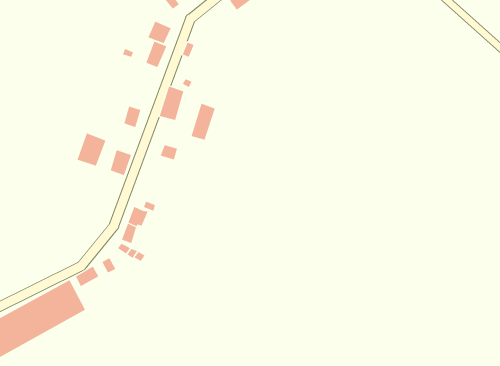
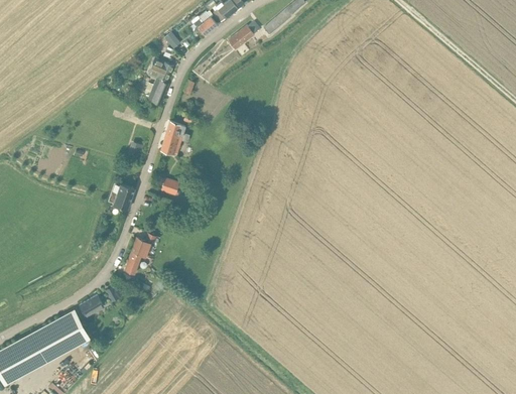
building: [191,103,215,141] -> none
building: [77,132,106,167] -> none

